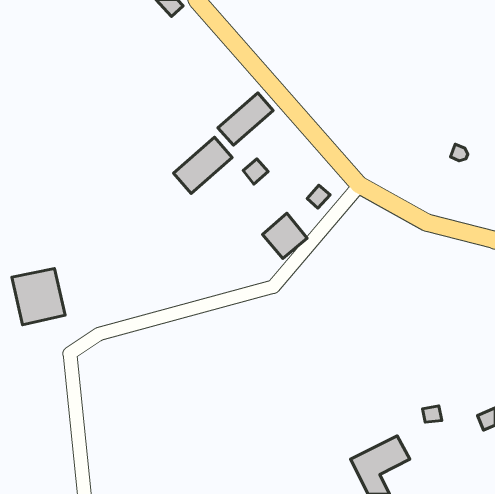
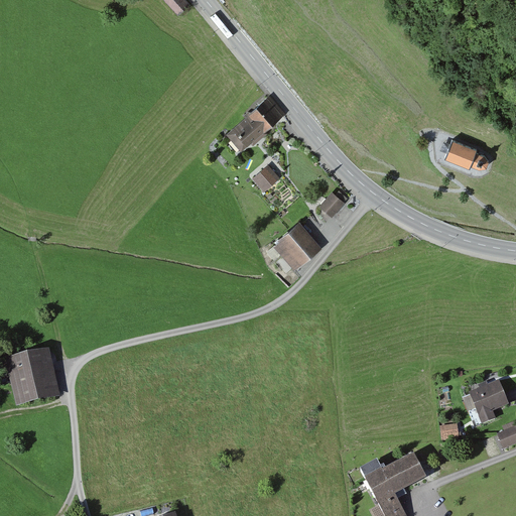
building: none -> [443,138,475,166]
building: [174,137,232,194] -> none
building: [12,269,65,325] -> [5,347,60,405]
building: none -> [470,379,509,422]

